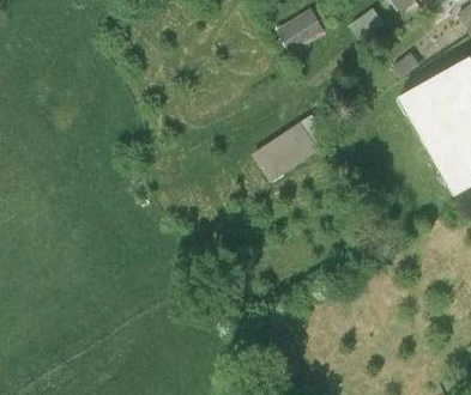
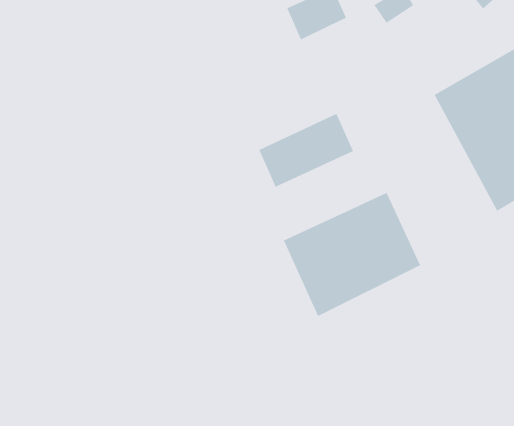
building: none -> [283,192,421,317]

